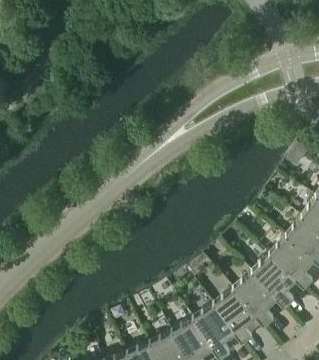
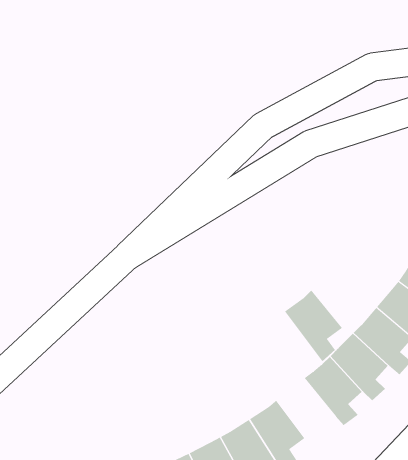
building: [214,289,257,342] -> [284,290,343,362]

